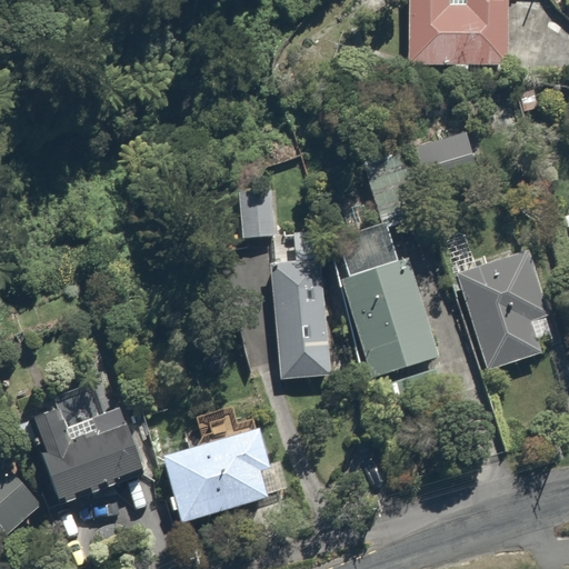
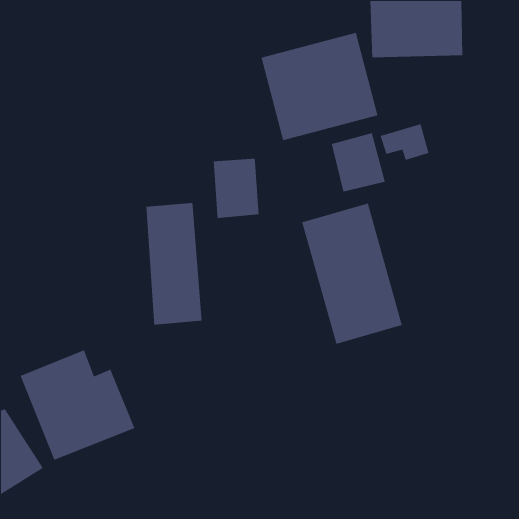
building: none -> [261,32,379,141]
building: [269,248,331,382] -> [145,202,202,325]
building: [455,248,551,372] -> none
building: [159,421,279,523] -> none

